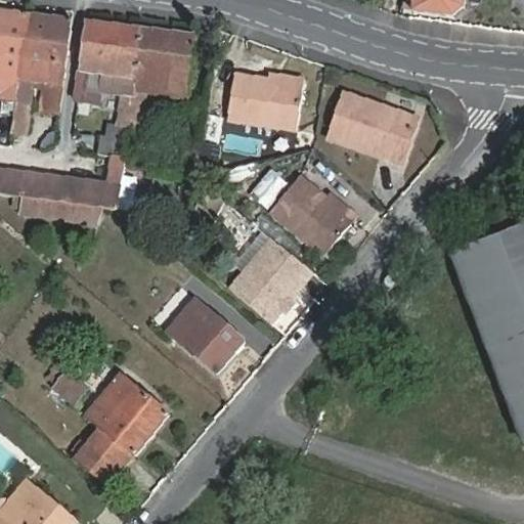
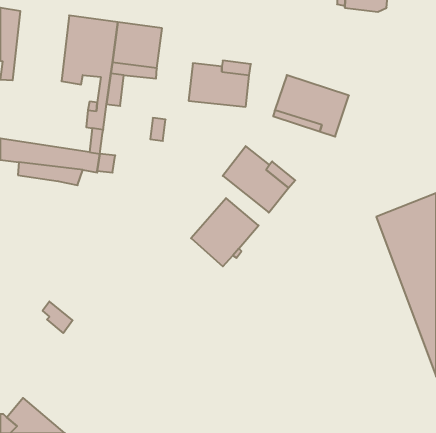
building: [12,13,71,122] -> none
building: [169,302,243,372] -> none
building: [75,374,167,482] -> none

